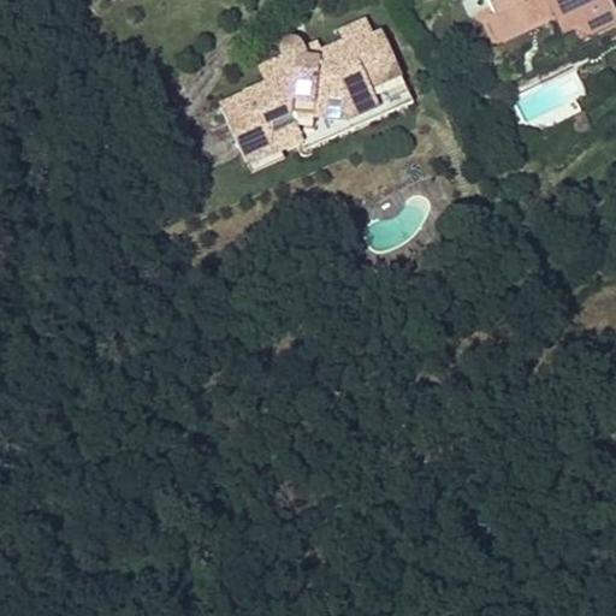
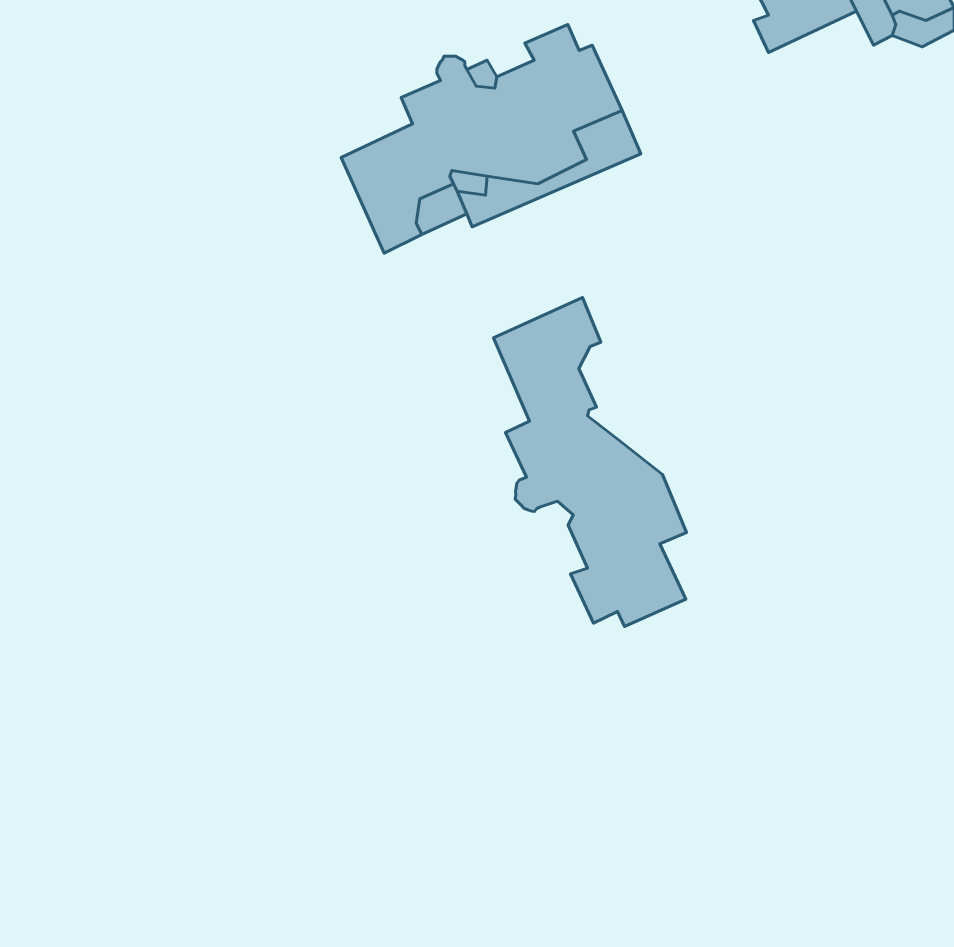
building: none -> [493,297,686,626]

